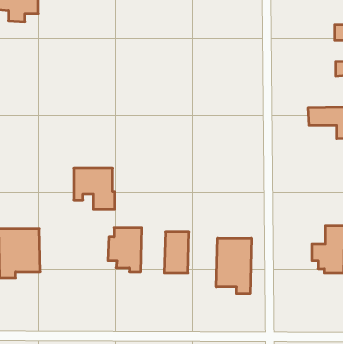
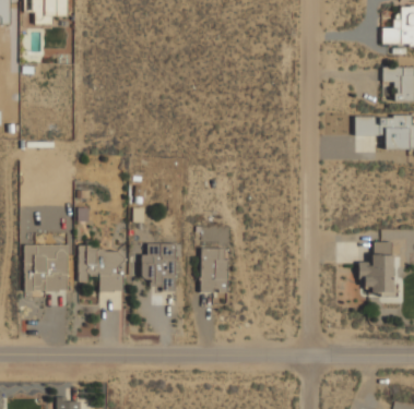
building: [74,168,115,209] -> [79,249,122,292]
building: [216,238,251,294] -> none

